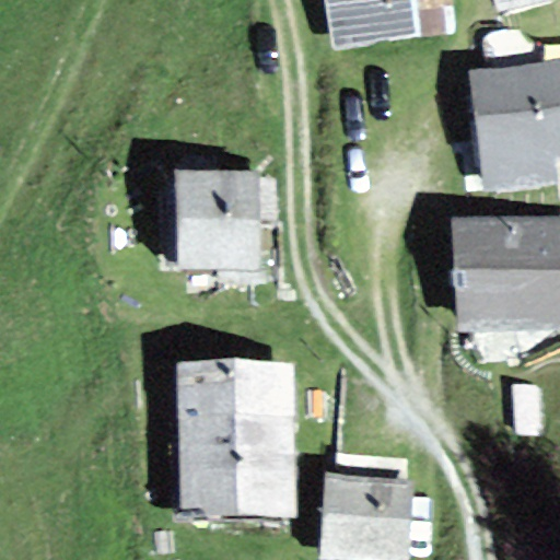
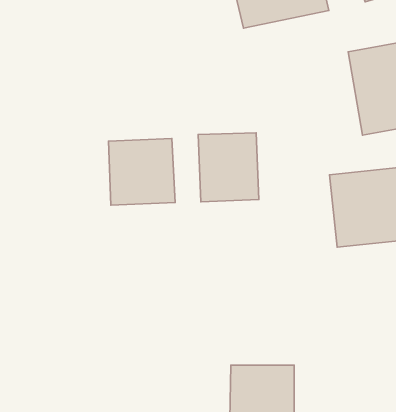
building: none -> [198,133,259,202]
building: [174,373,288,514] -> none

